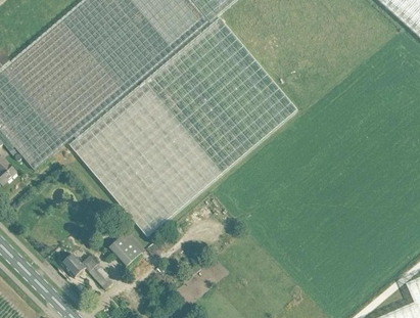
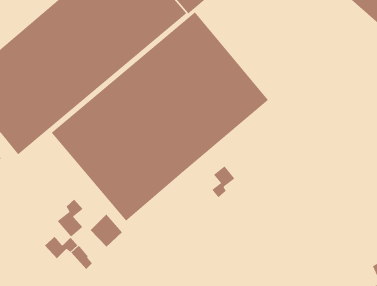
building: none -> [211,165,235,198]
building: none -> [57,199,83,238]

